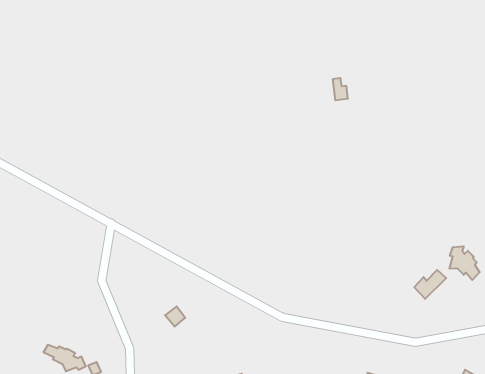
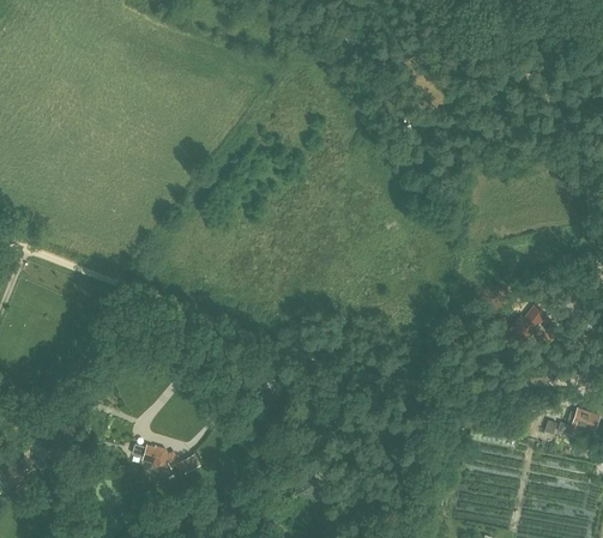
building: [449,246,480,280] -> none

